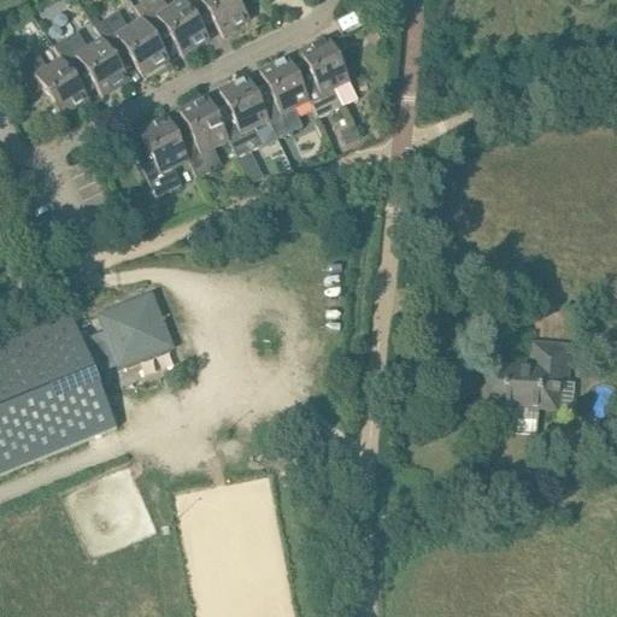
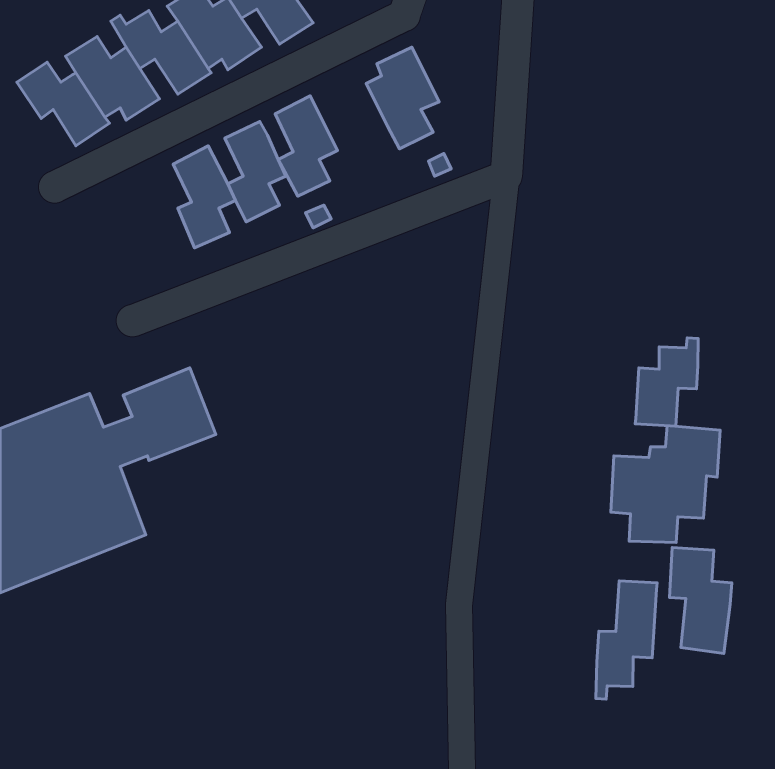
building: [259,57,308,136] -> none
building: none -> [635,338,698,426]
building: none -> [669,547,732,654]
building: none -> [596,581,657,699]

